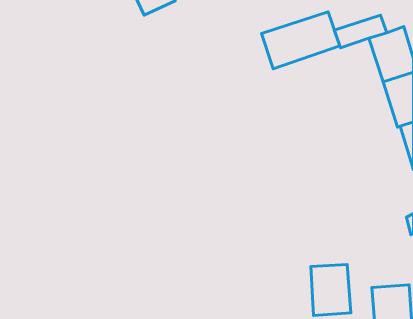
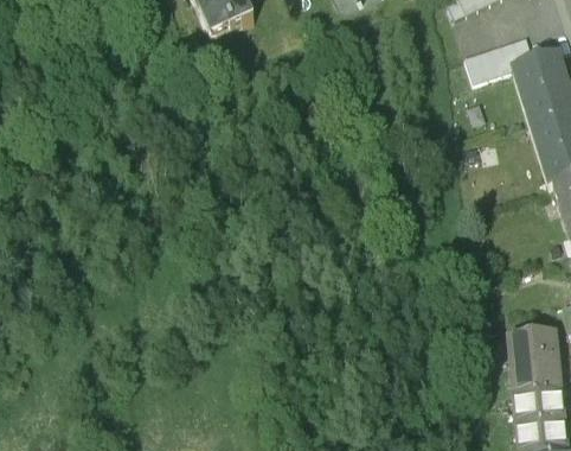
building: [262,12,340,69] -> none
building: [311,265,351,315] -> [511,336,564,404]

